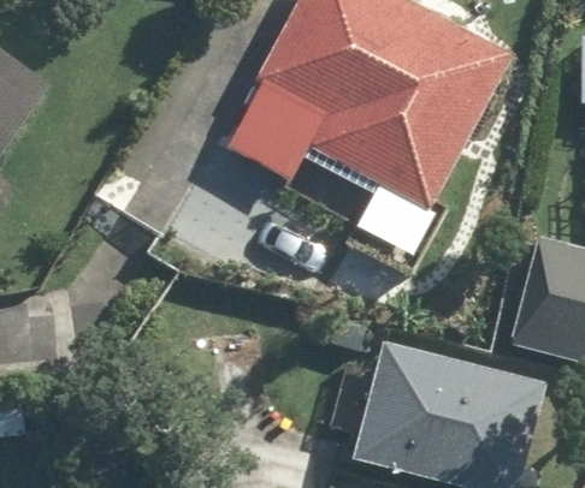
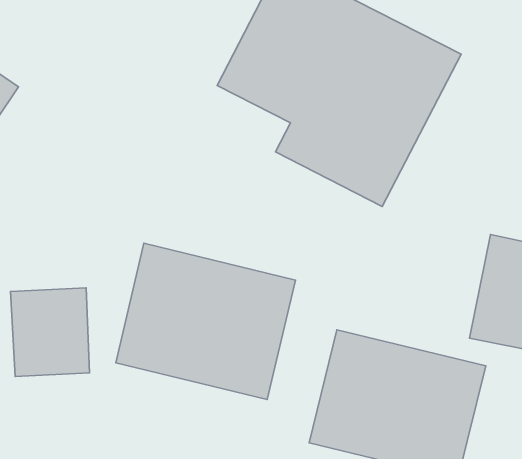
building: none -> [116,243,295,399]

